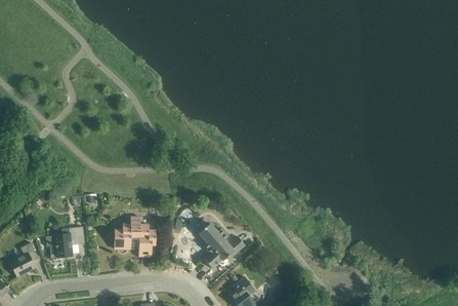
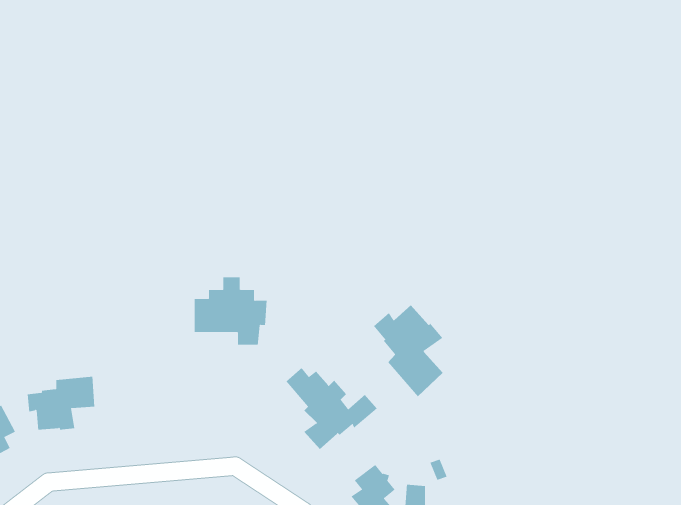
building: none -> [373,305,444,397]
building: [113,217,155,256] -> [194,277,268,345]

